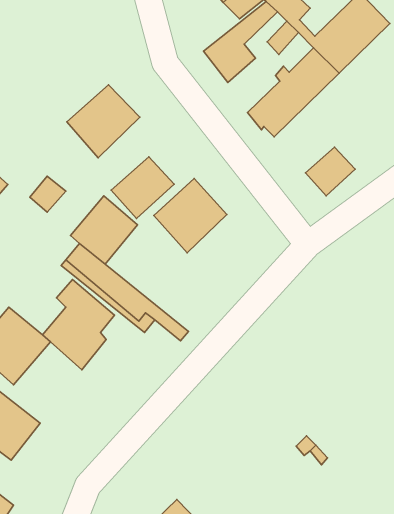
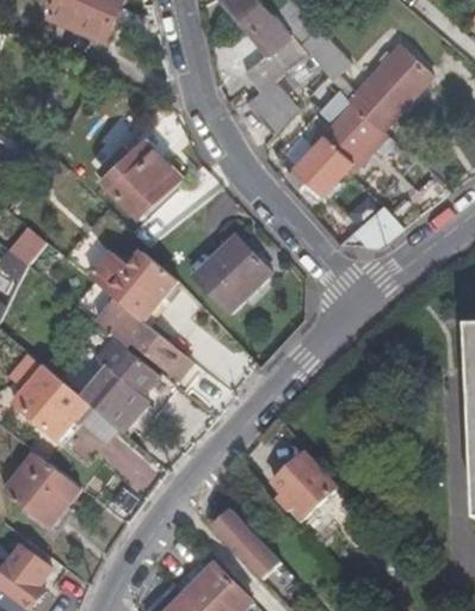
building: [111,157,174,219] -> none
building: none -> [271,453,335,521]
building: none -> [210,510,263,564]

